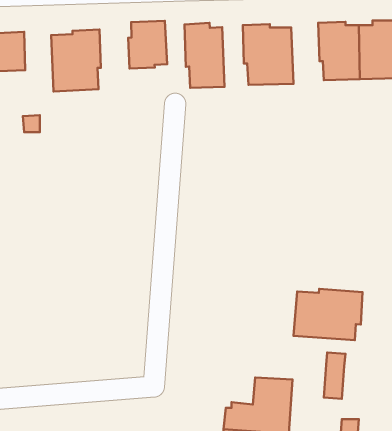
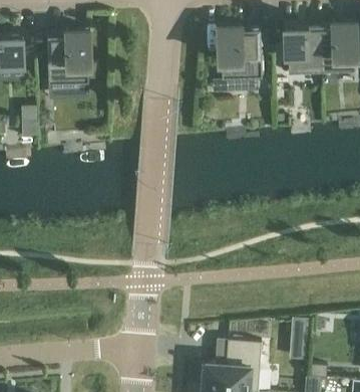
building: [128,21,167,68] -> none
building: [185,23,225,88] -> none
building: [293,289,363,340] -> none

